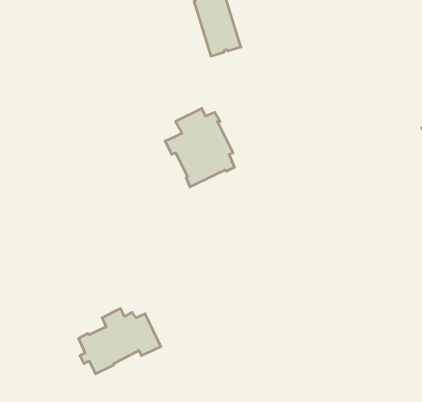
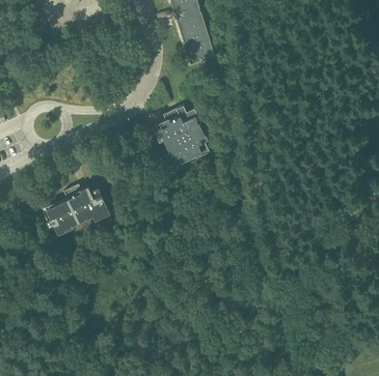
building: [79,309,161,374] -> [45,184,110,236]

